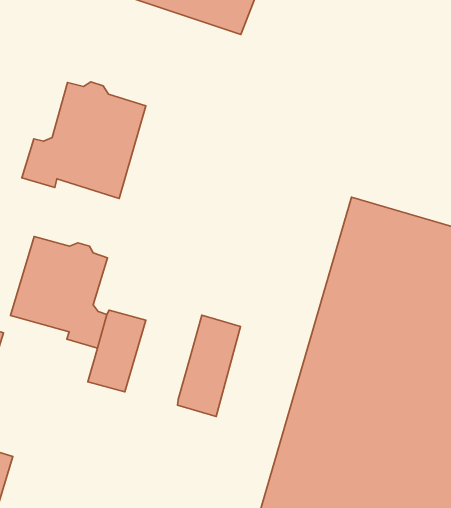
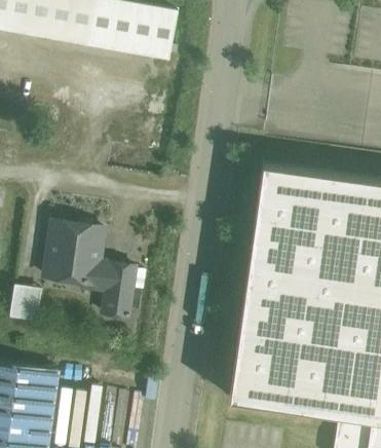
building: [22,82,146,198] -> none
building: [178,315,241,417] -> none

